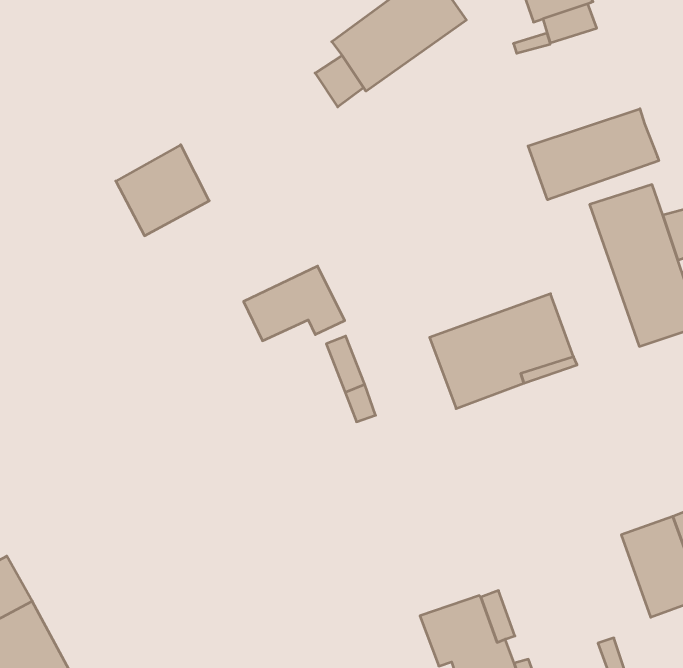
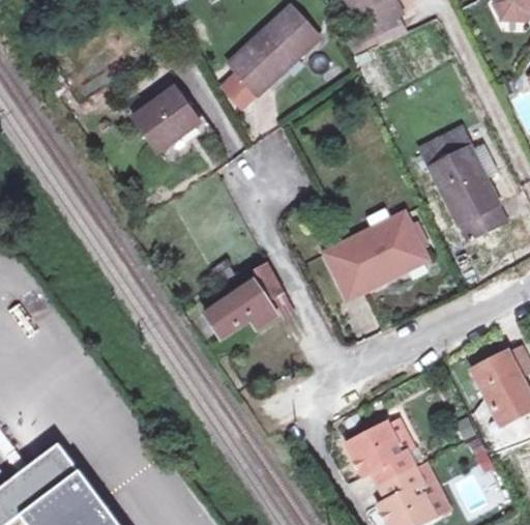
building: [528,109,659,200] -> none
building: [116,145,209,236] -> [132,87,198,152]
building: [244,266,345,341] -> [205,282,275,338]

